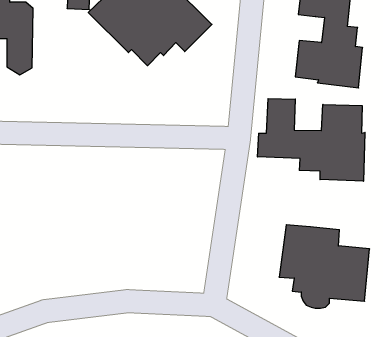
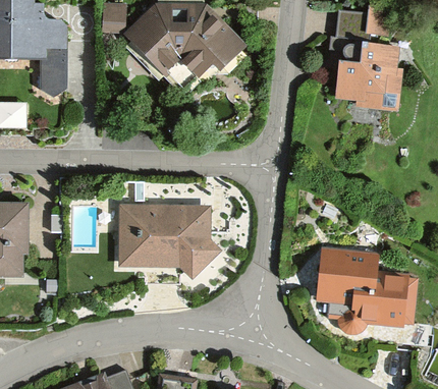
building: [258,99,365,181] -> none
building: none -> [118,205,220,279]

